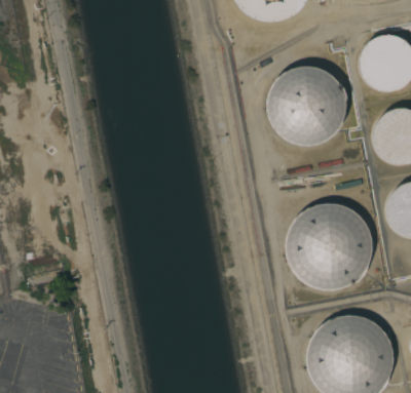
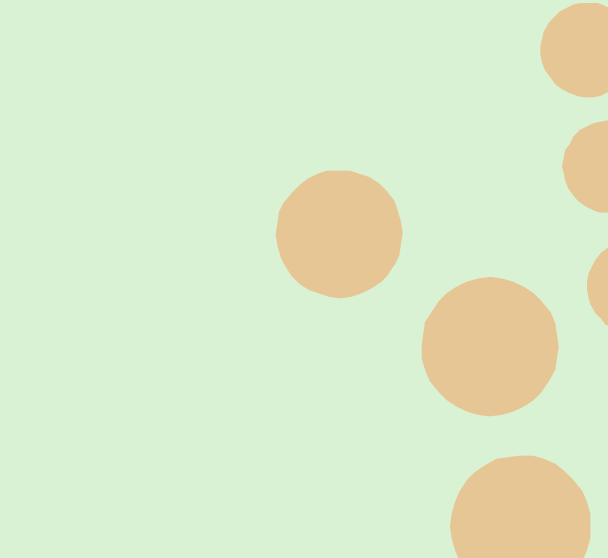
building: [266,70,345,149] -> [275,170,404,299]

